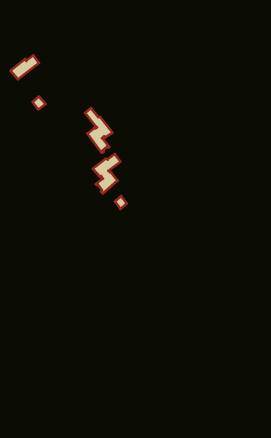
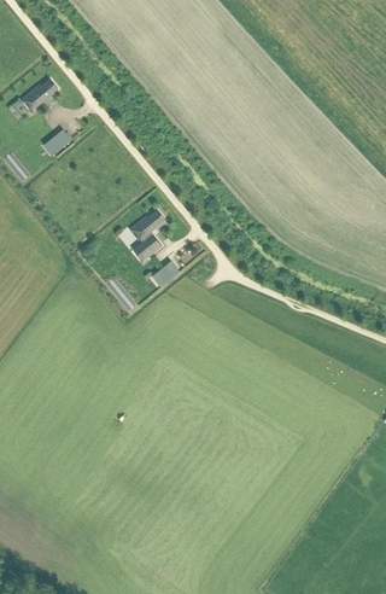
building: [85,108,112,153] -> none

